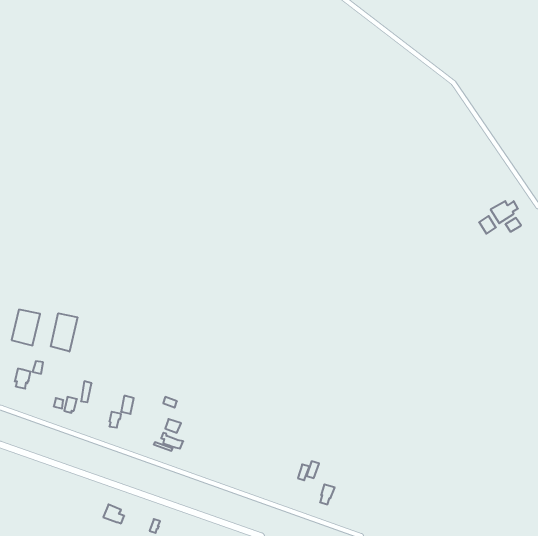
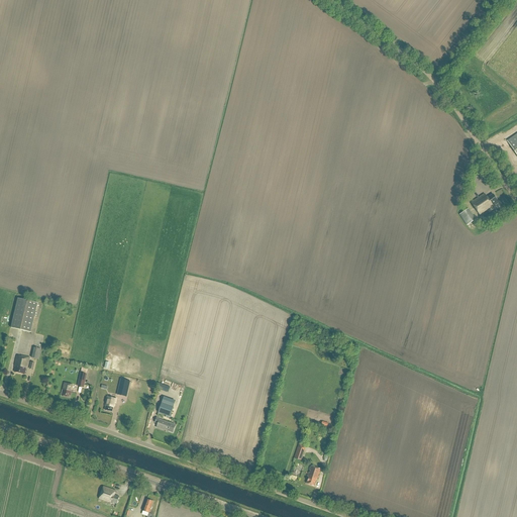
building: [51,313,77,352] -> none

